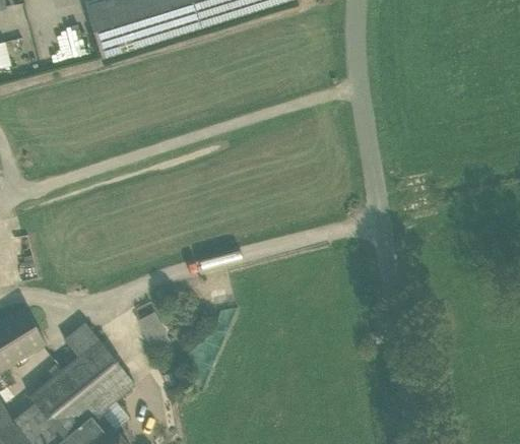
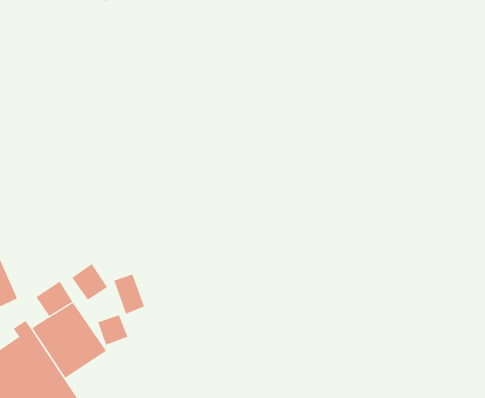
building: none -> [71,263,108,301]
building: none -> [98,314,128,345]

